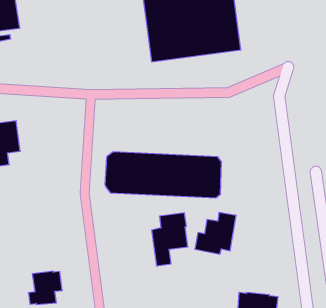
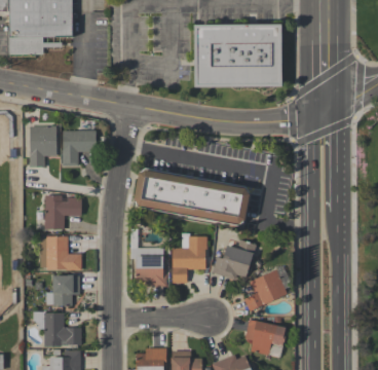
building: none -> [62,130,96,164]
building: none -> [44,194,81,229]
building: none -> [130,248,166,286]
building: none -> [40,235,81,269]
building: none -> [243,269,287,310]

